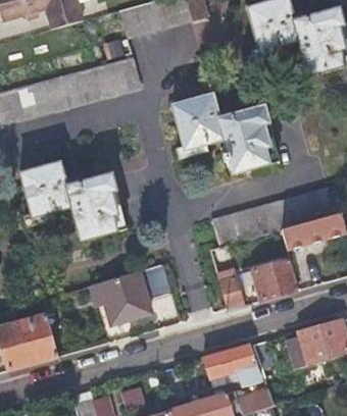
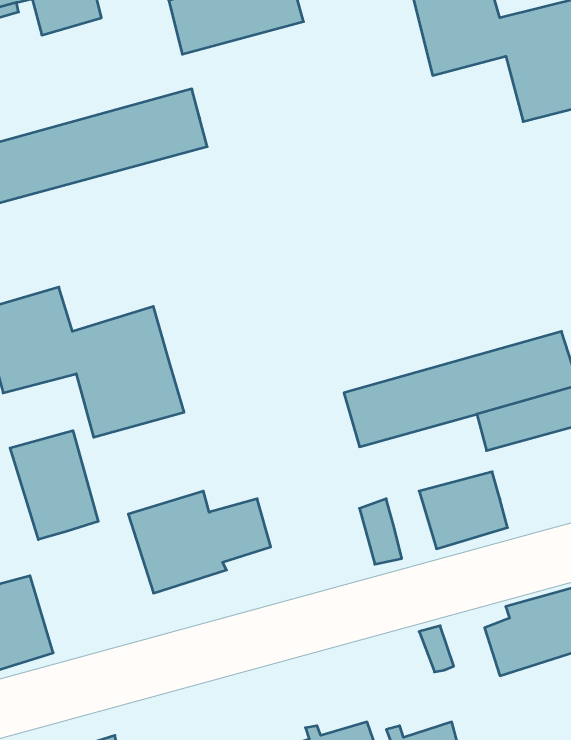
building: [172,94,281,173] -> none
building: none -> [10,431,98,540]
building: [205,346,257,385] -> none

